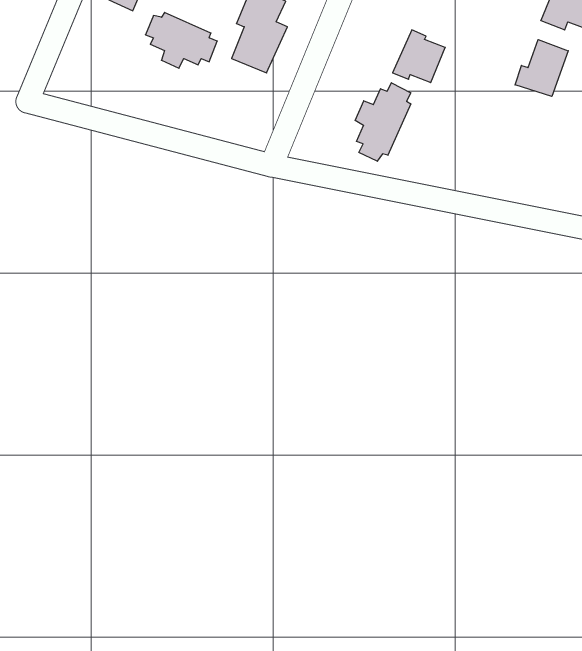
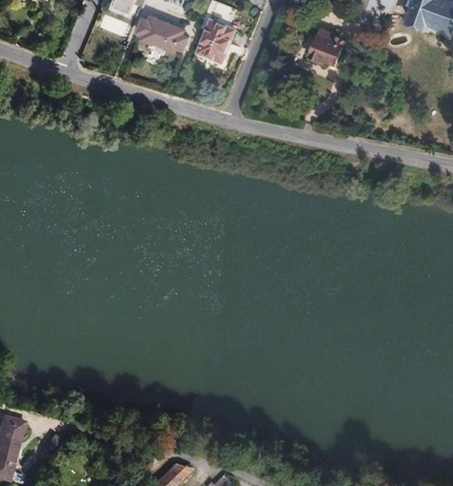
building: [515,40,568,96] -> none
building: [355,83,411,161] -> none

